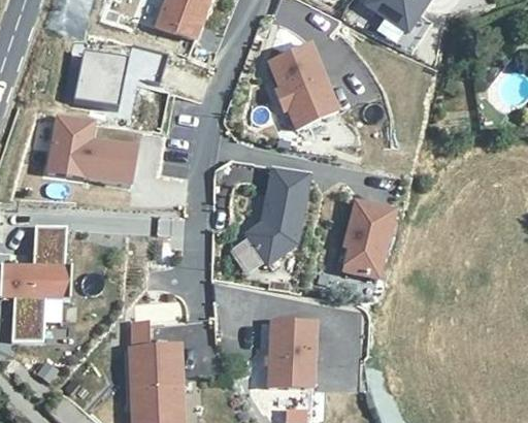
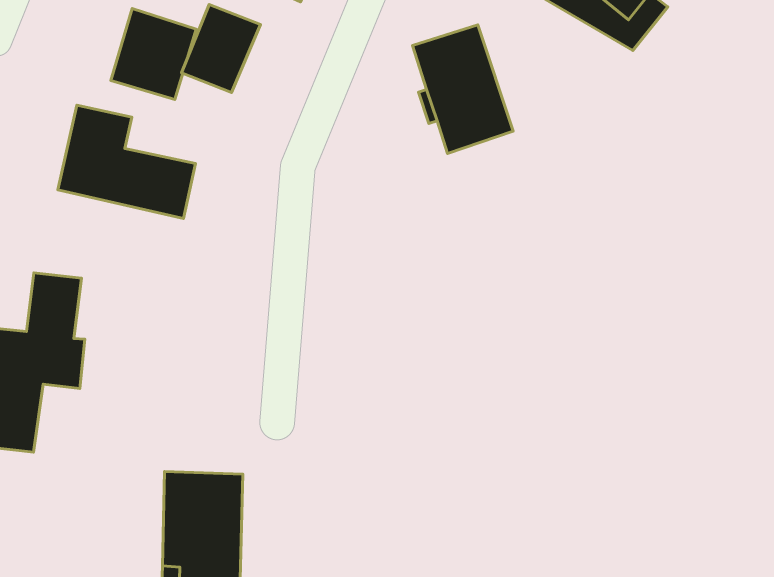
building: [245,167,308,263] -> none
building: [342,200,395,278] -> none
building: [268,320,316,388] -> none

